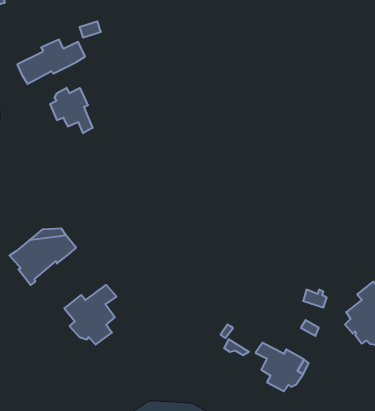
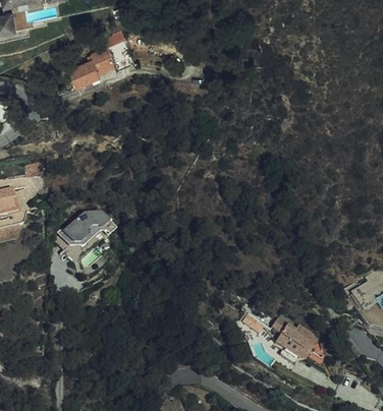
building: [50,88,93,133] -> none
building: [64,285,116,345] -> none

